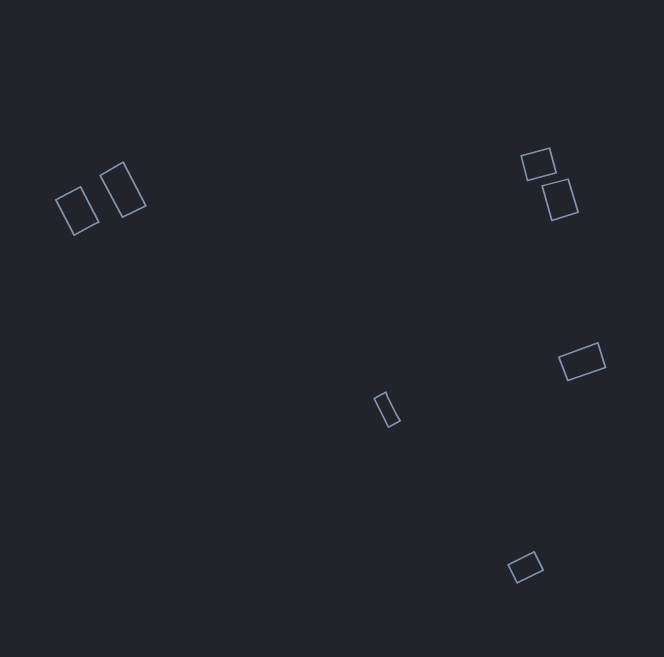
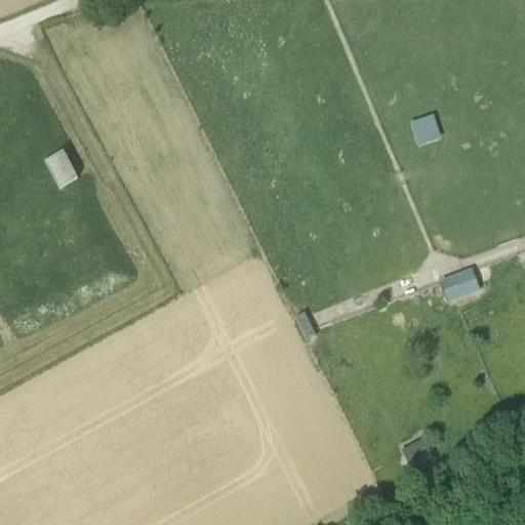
building: [100,162,146,217] -> none
building: [542,179,578,220] -> none

